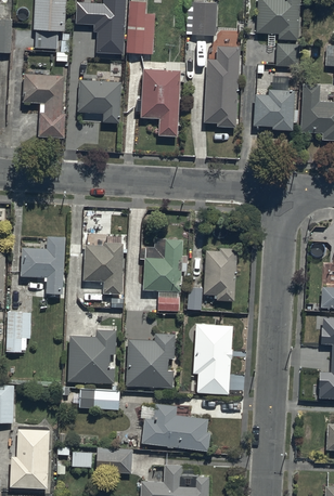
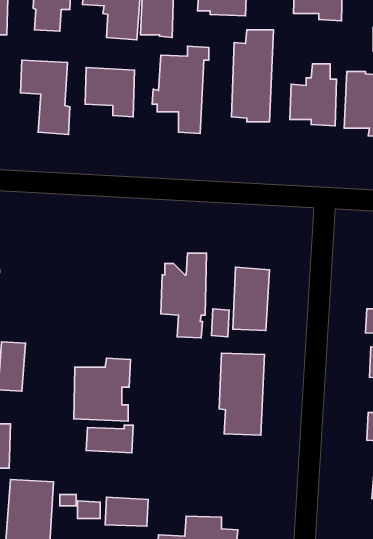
building: [277,43,299,66] -> none
building: [82,234,124,293] -> none
building: [21,239,64,297] -> none
building: [126,332,176,388] -> none
building: [140,404,210,449] -> none

